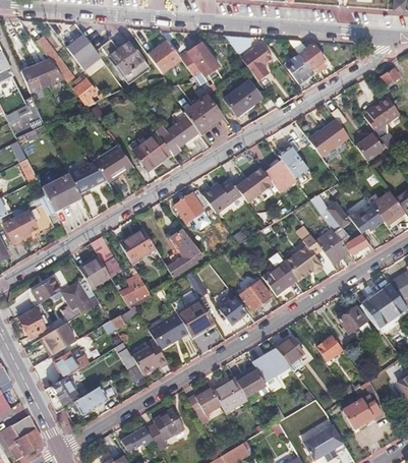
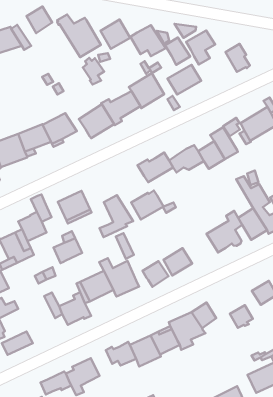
building: [289,39,328,73] -> [157,31,190,65]
building: [73,76,97,105] -> [83,58,104,84]
building: [174,189,210,222] -> [131,191,164,219]
building: [261,252,296,294] -> none

